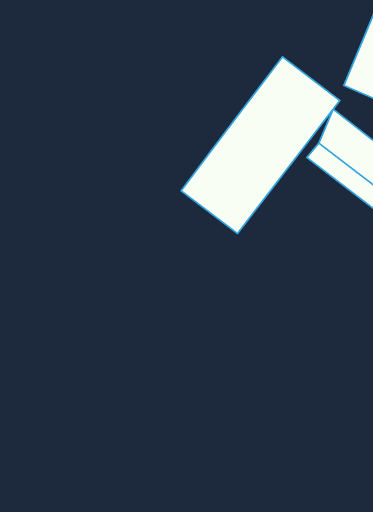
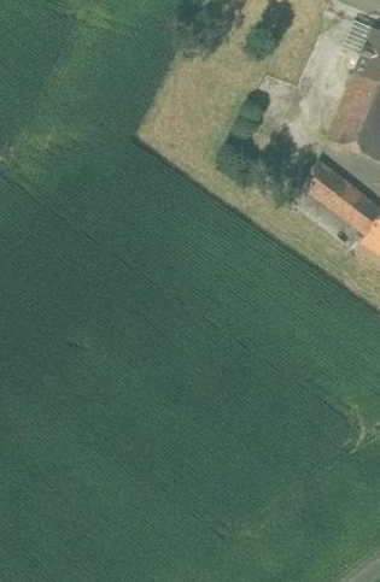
building: [181,57,340,233] -> none

